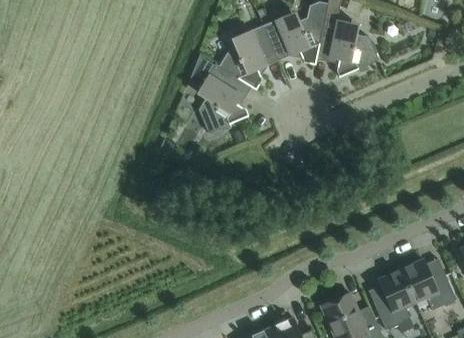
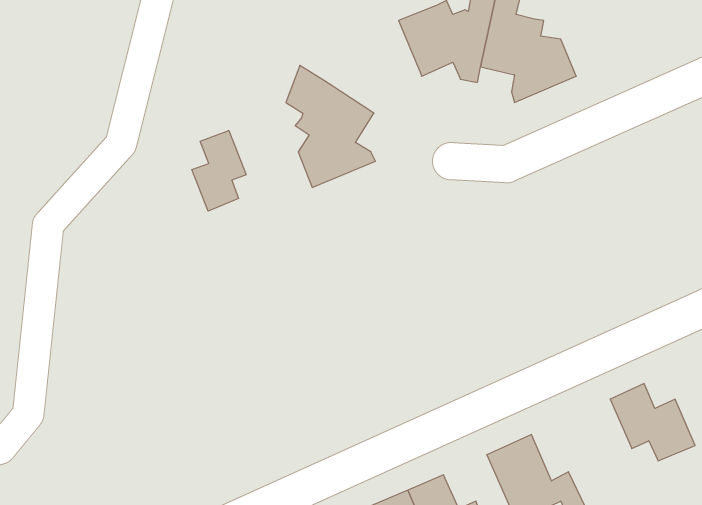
building: [219,24,279,89] -> none
building: none -> [192,130,246,211]
building: [373,269,415,330] -> none

